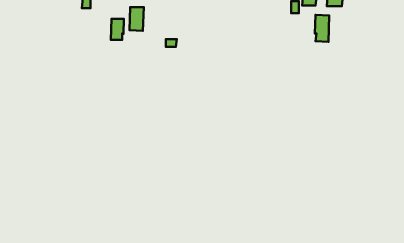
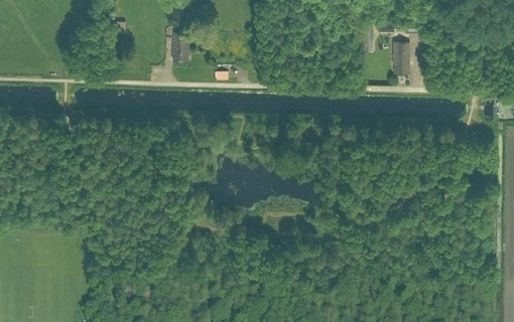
building: [111,19,124,40] -> none

